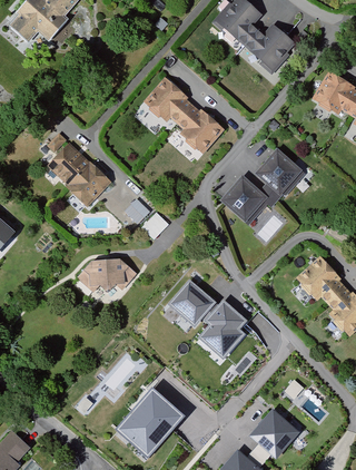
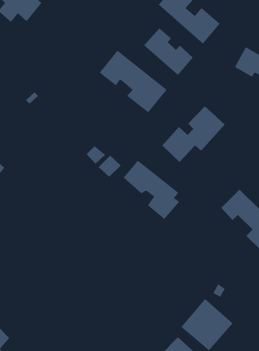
building: none -> [143,27,193,76]
building: [44,140,110,206] -> none
building: [77,258,137,292] -> none
building: [171,278,245,355] -> [123,160,180,220]
building: [117,388,186,458] -> none

